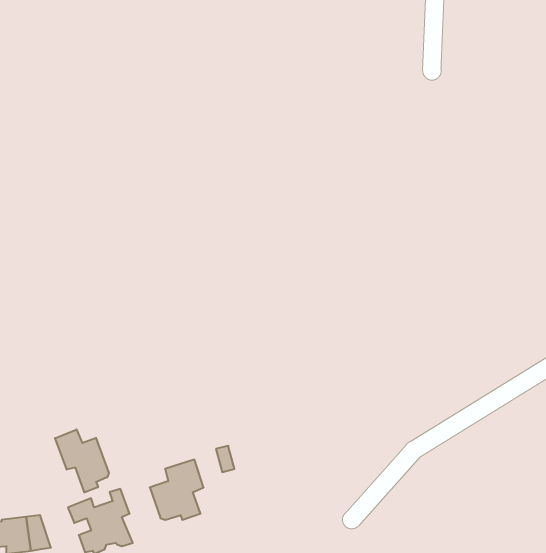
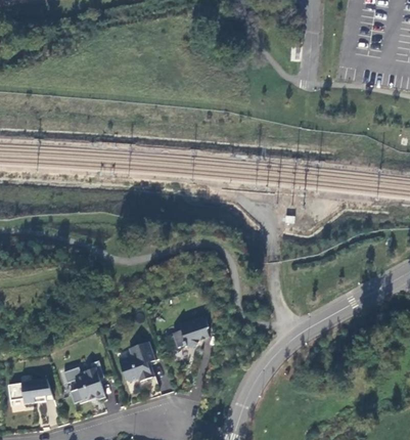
building: none -> [172,316,208,348]
building: [55,429,109,492] -> none

